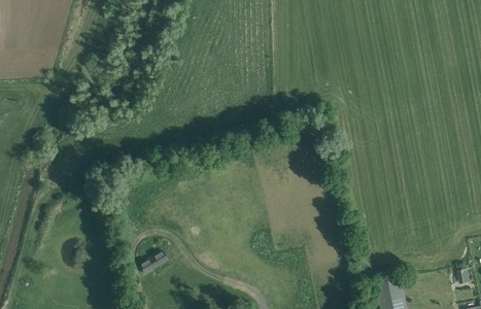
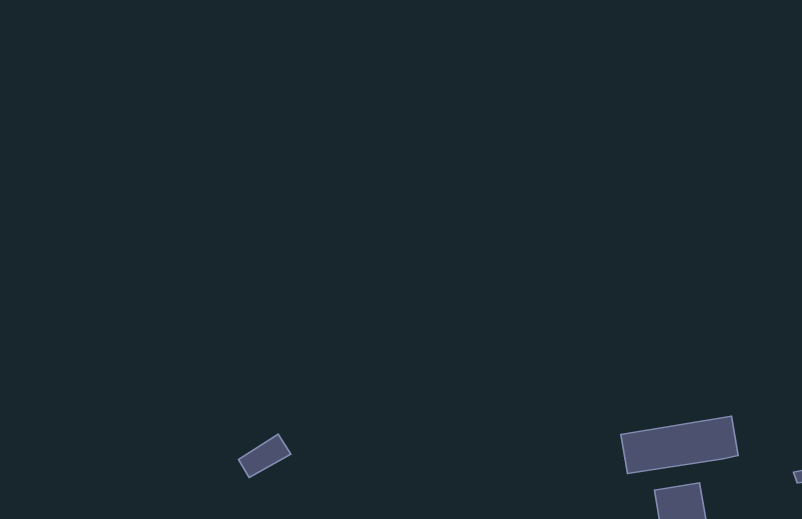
building: none -> [621,416,738,474]

